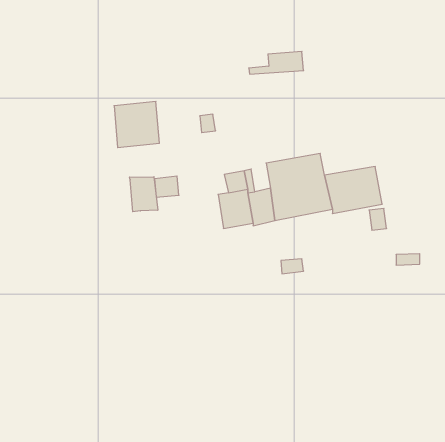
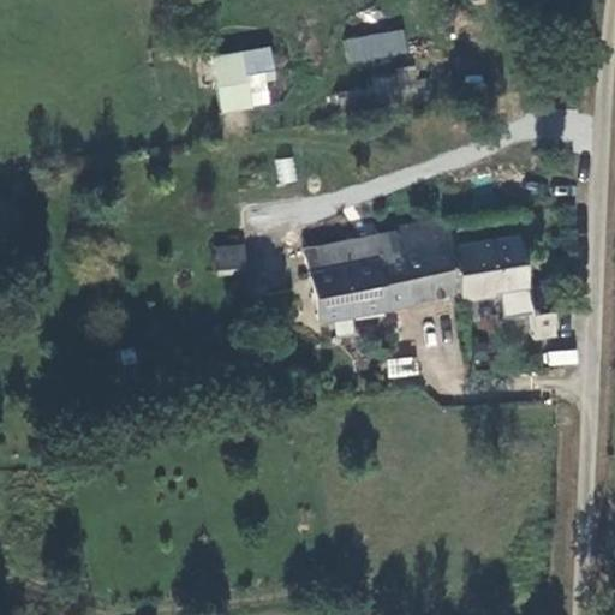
building: none -> [342,32,410,68]
building: [114,101,159,148] -> [214,52,276,115]
building: [130,177,158,212] -> none

